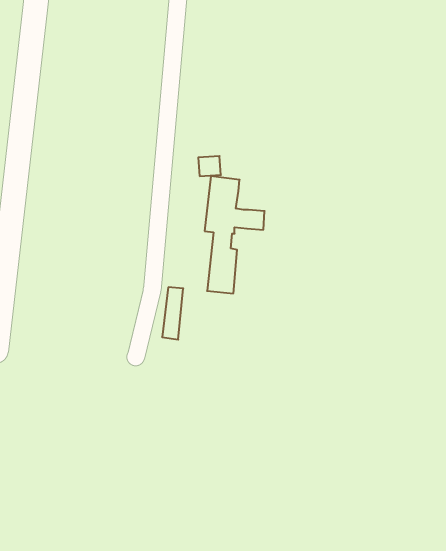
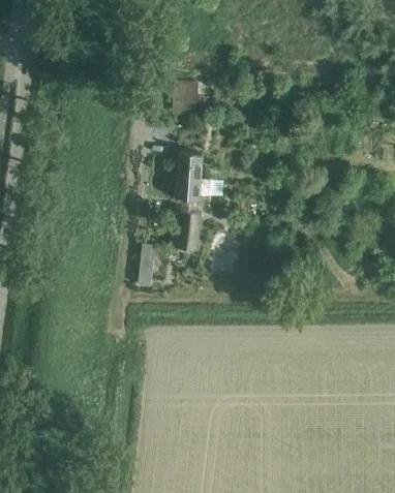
building: none -> [173,82,198,116]

